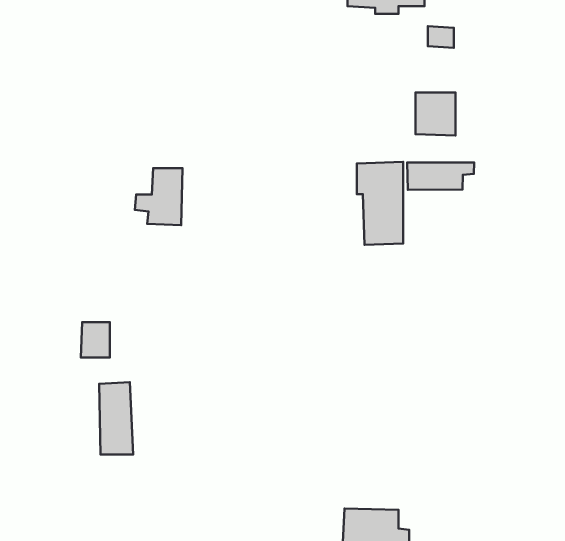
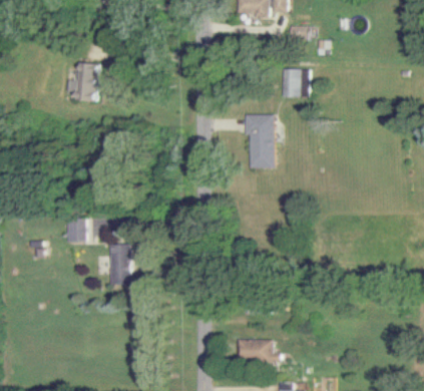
building: [407,163,474,190] -> none
building: [135,168,183,225] -> [66,63,97,100]
building: [99,382,133,455] -> [108,244,130,291]

